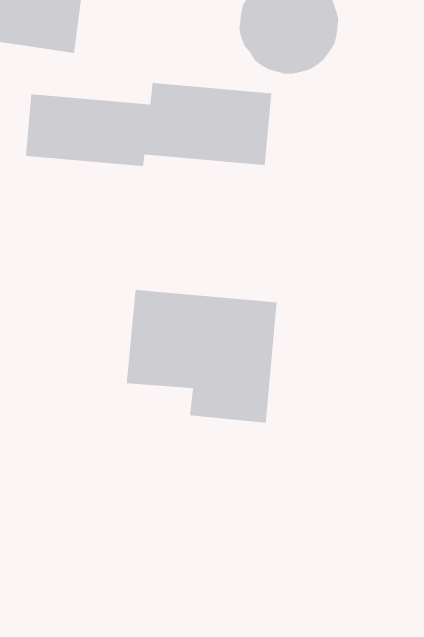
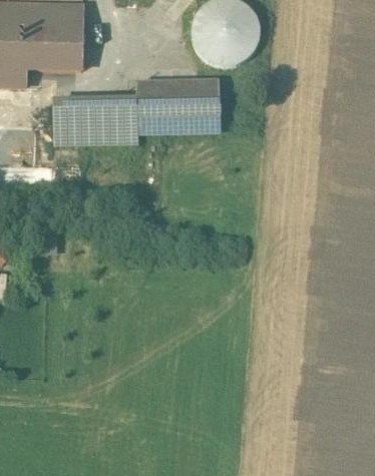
building: [126,289,277,424] -> none

